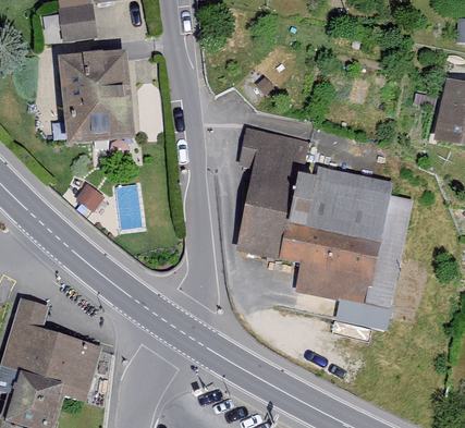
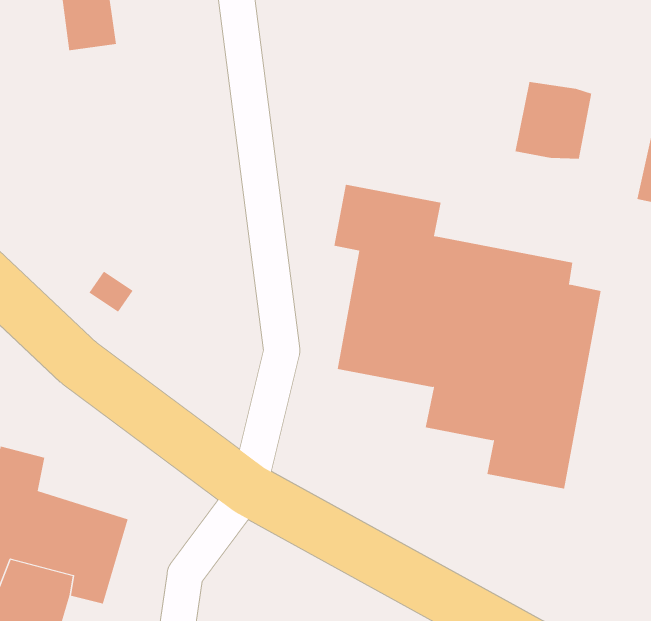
building: [54,53,145,146] -> none
building: none -> [515,81,592,159]

